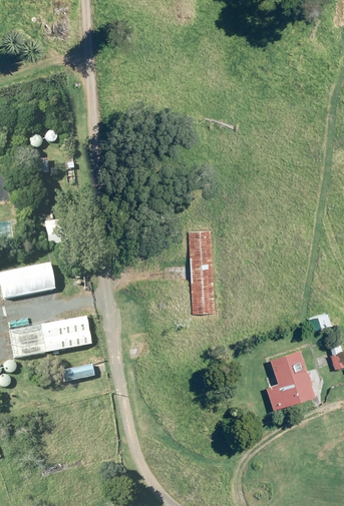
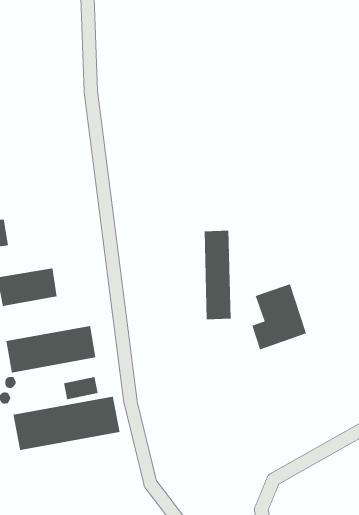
building: [266,348,316,408] -> [252,284,307,350]
building: none -> [13,396,120,451]

